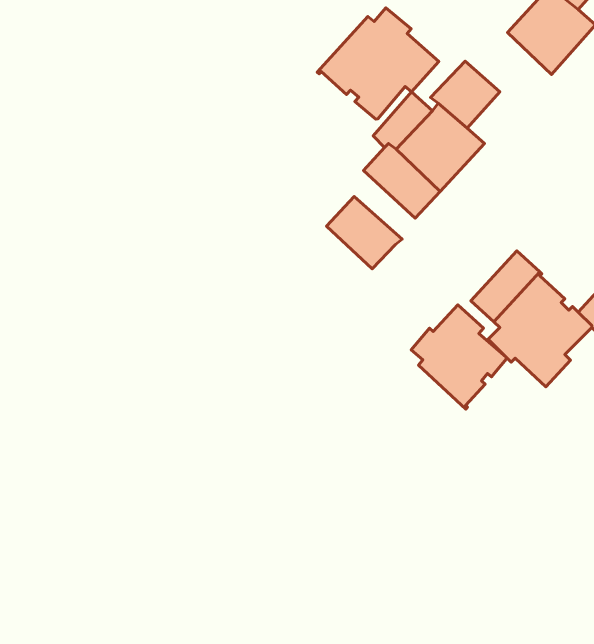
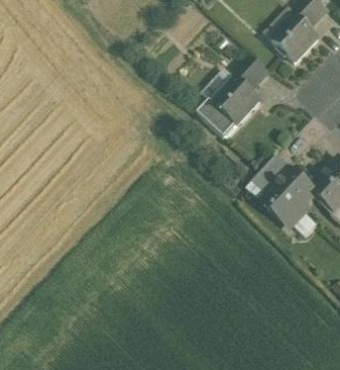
building: [317,8,439,119] -> none
building: [326,196,402,269] -> none
building: [411,305,507,409] -> none

